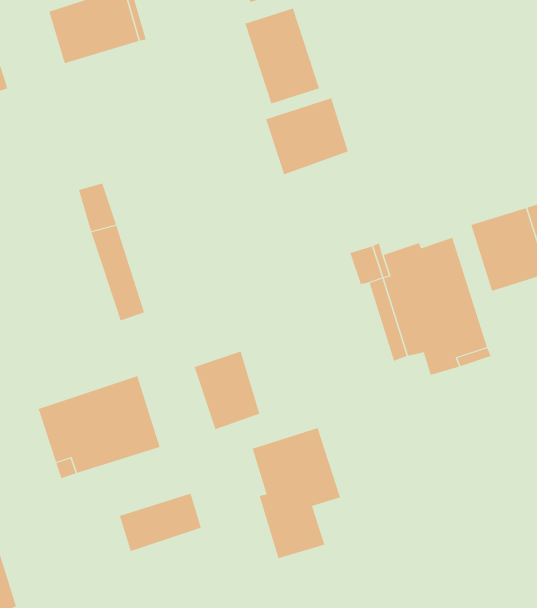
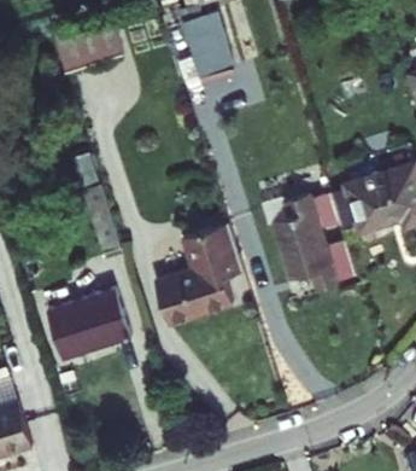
building: [266,97,349,175] -> none
building: [252,428,341,559] -> [181,225,242,315]
building: [119,493,201,552] -> none

